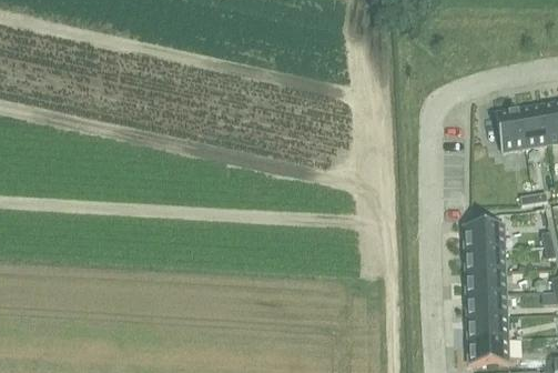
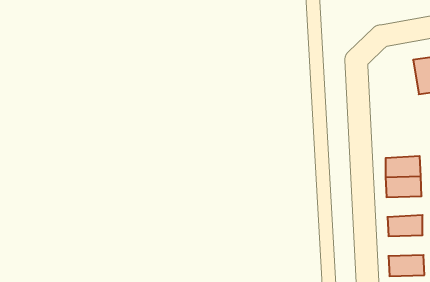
building: [466,269,508,293] -> none
building: [468,314,509,339] -> none

